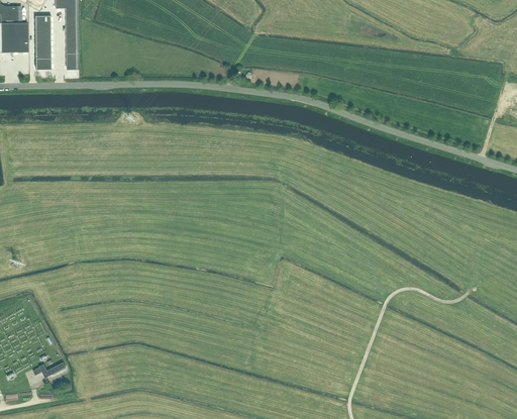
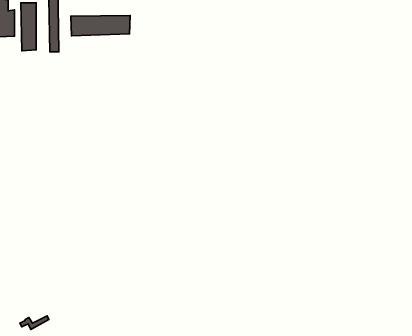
building: none -> [71,15,130,36]

